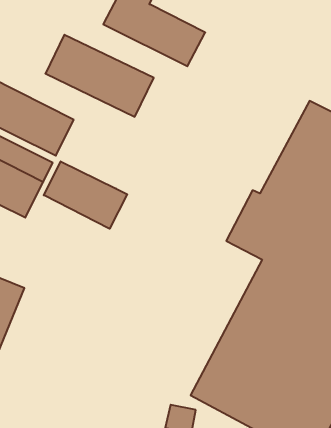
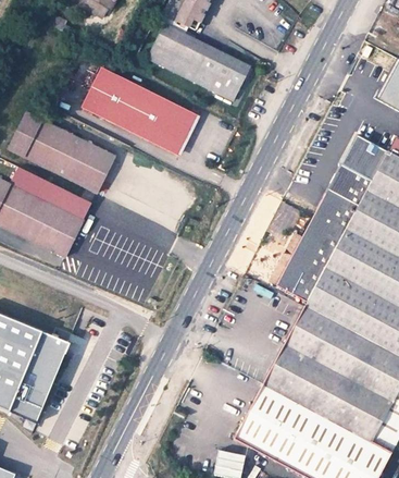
building: [44,161,127,229] -> none

